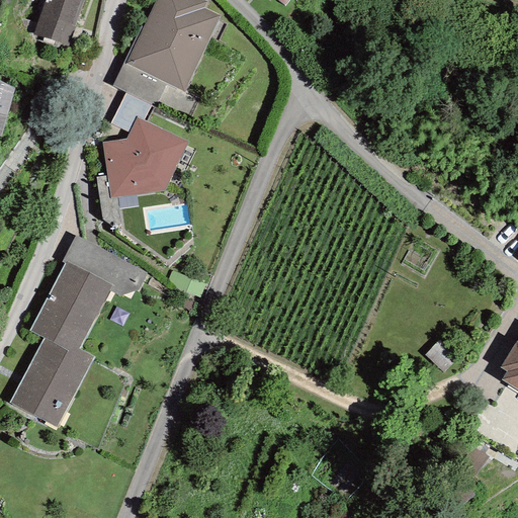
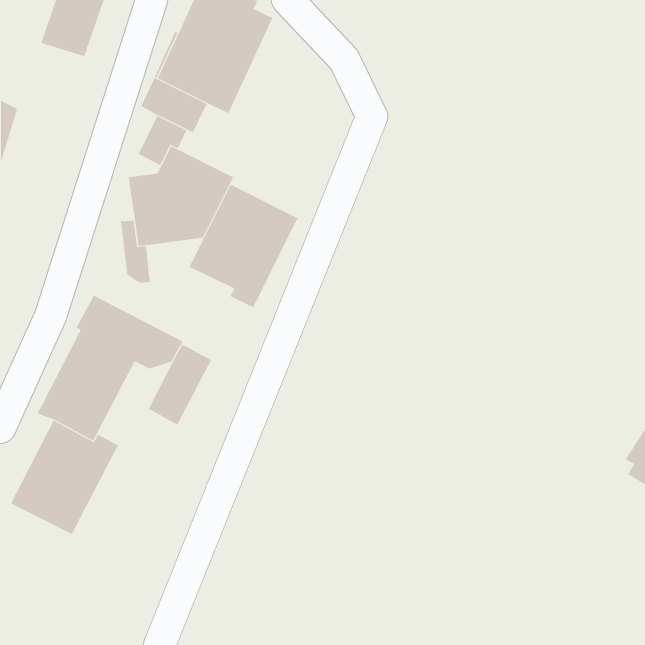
building: none -> [189,184,298,308]
building: none -> [148,344,212,425]

